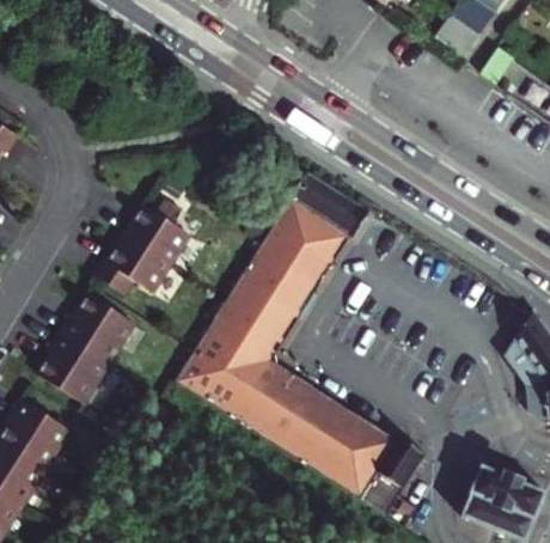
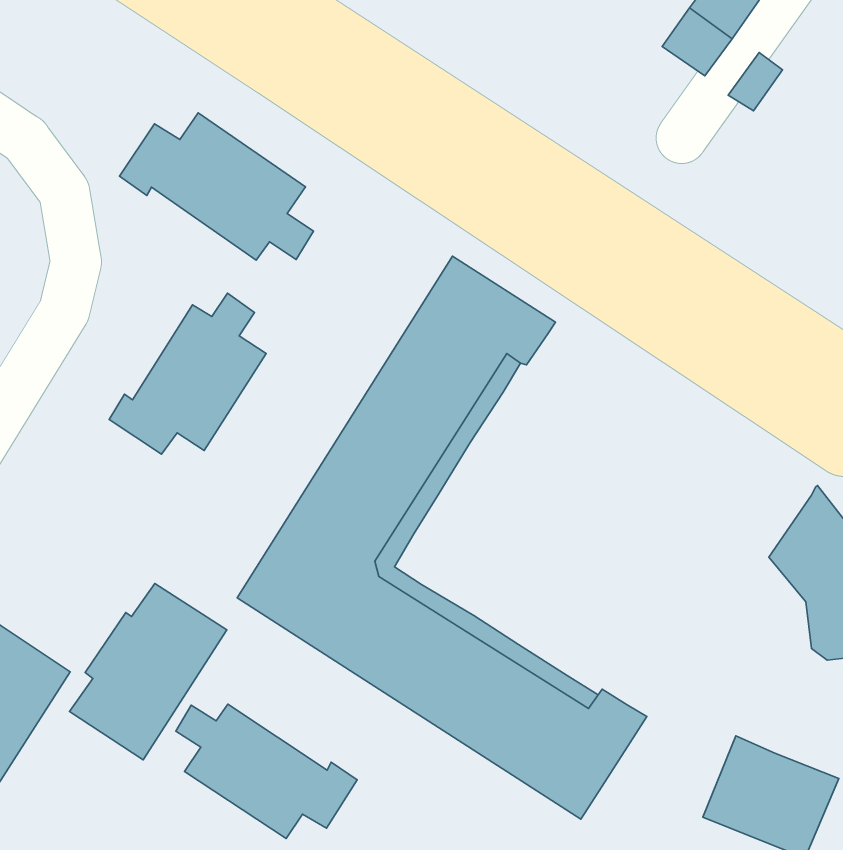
building: none -> [119,113,313,260]
building: [38,291,135,399] -> [70,583,227,760]
building: none -> [176,704,357,839]

